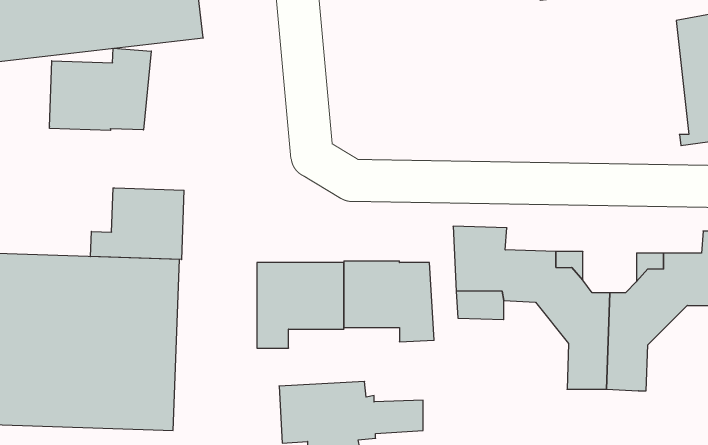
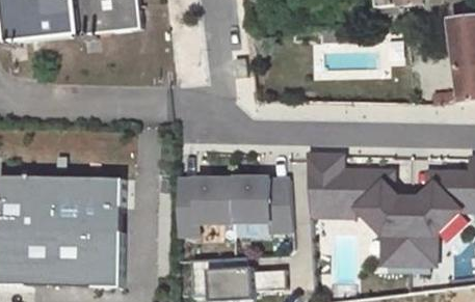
building: [50,48,151,130] -> none
building: [91,188,184,260] -> none

